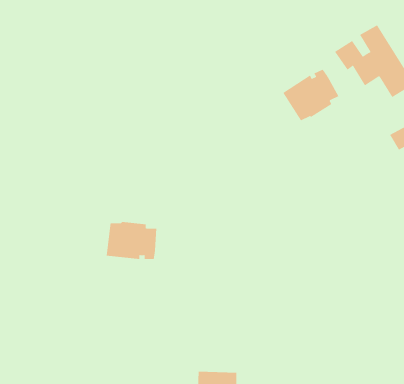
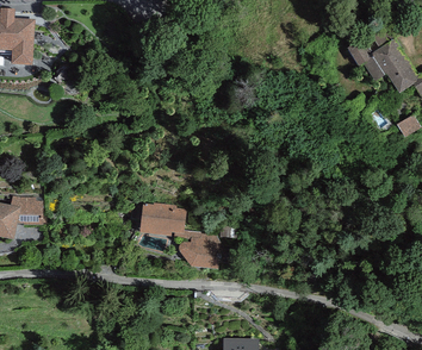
building: [282,69,339,121] -> none
building: none -> [179,231,219,269]

